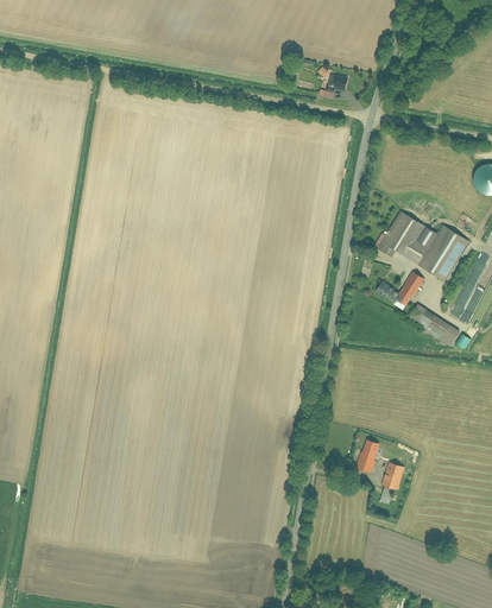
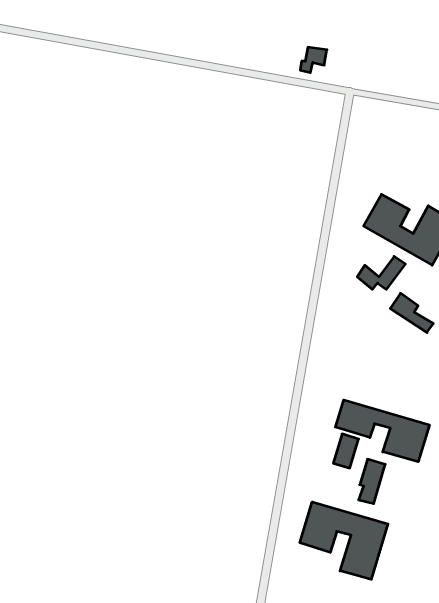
building: none -> [335,400,429,462]
building: none -> [300,502,388,579]

